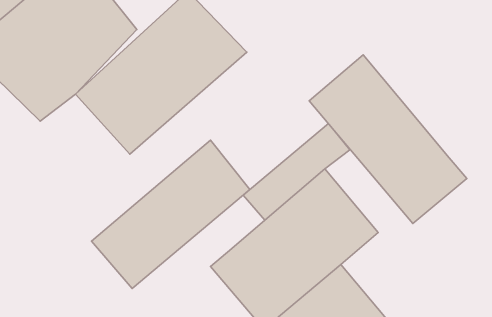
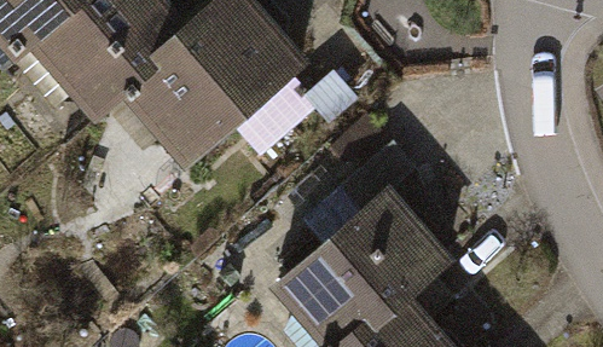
building: [309,55,467,223] -> none
building: [92,140,250,288] -> none

